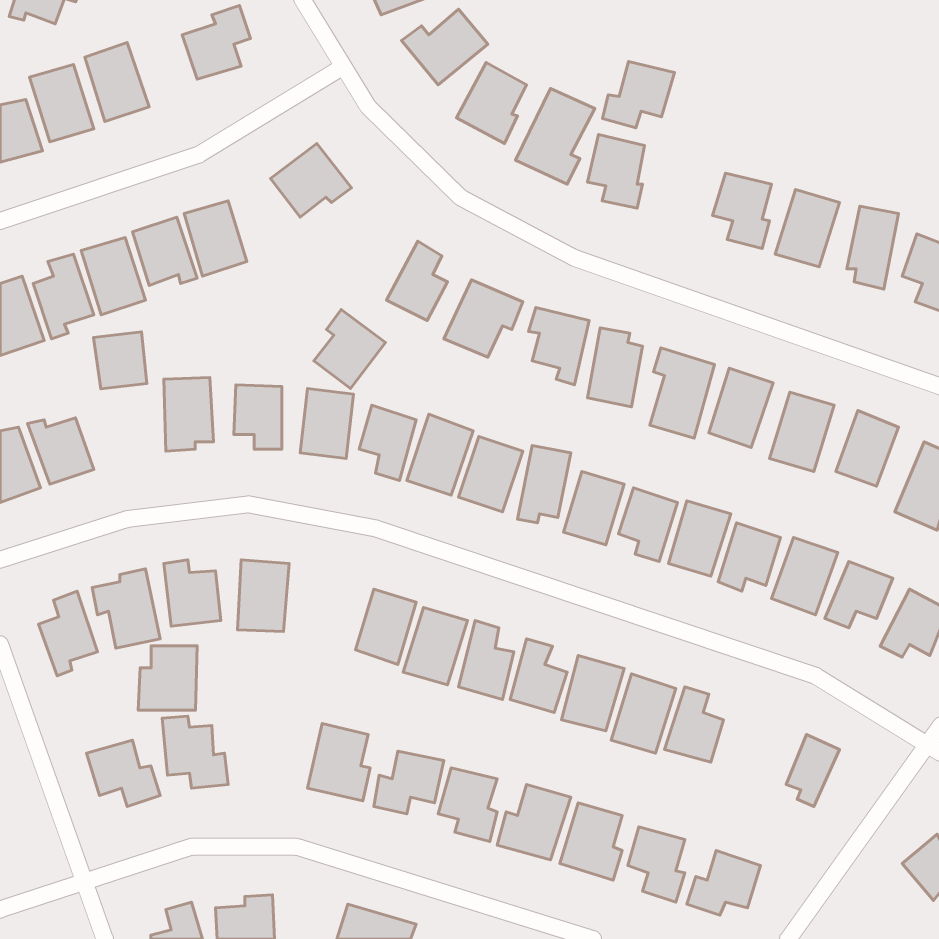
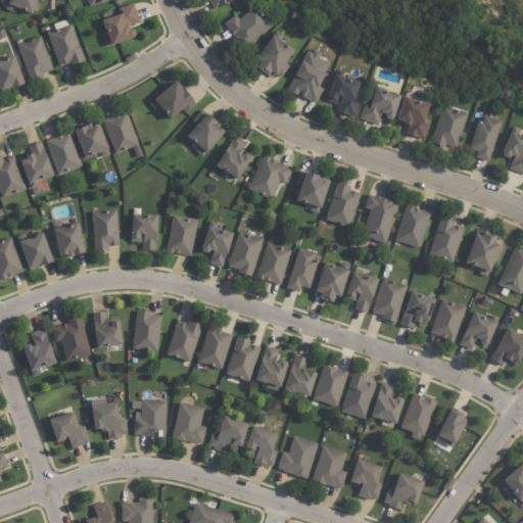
building: [603,62,674,128] -> [360,87,399,124]
building: [314,309,386,389] -> [185,109,225,153]
building: [94,332,147,389] -> [54,224,84,255]
building: none -> [165,319,203,362]
building: [138,646,197,710] -> [134,399,167,435]
building: none -> [400,392,435,440]

